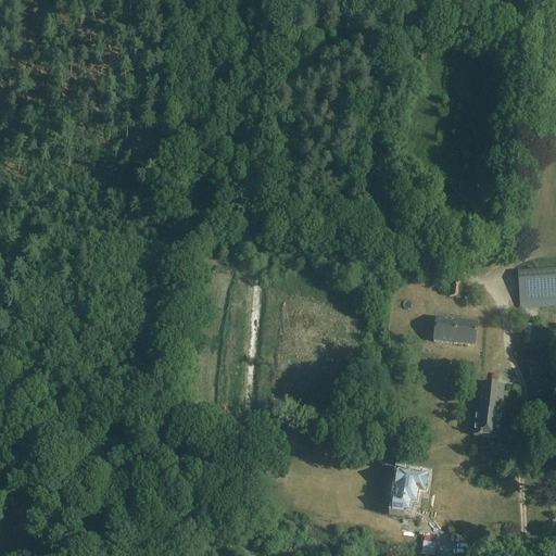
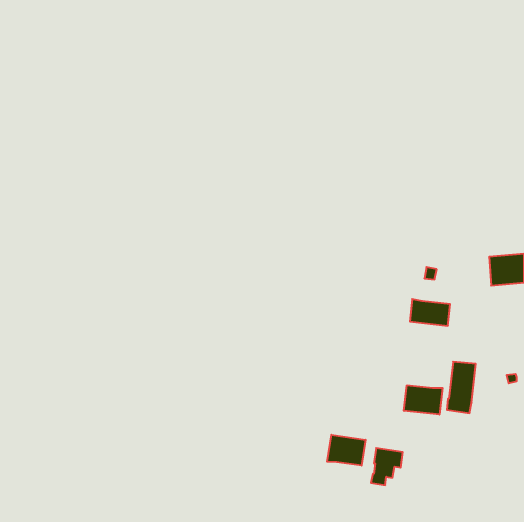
building: none -> [404,385,443,415]
building: none -> [327,435,366,466]

